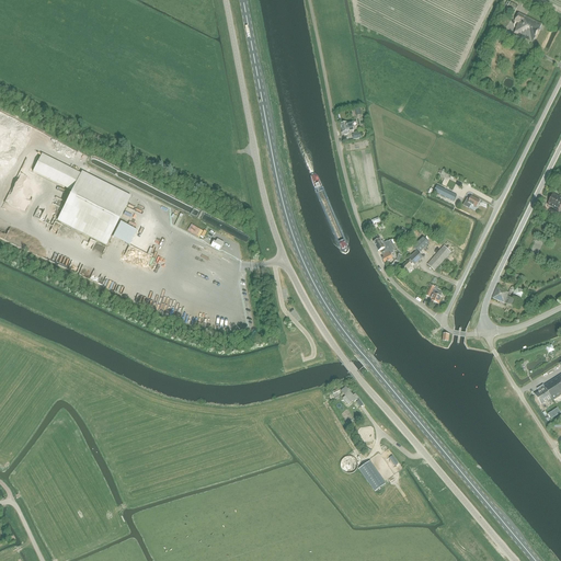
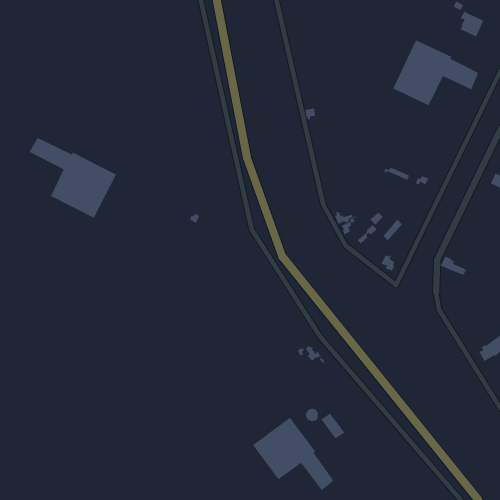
building: none -> [392,39,479,106]
building: none -> [252,417,334,491]

